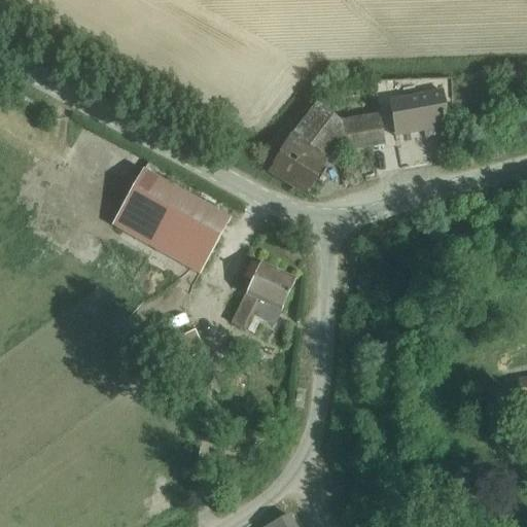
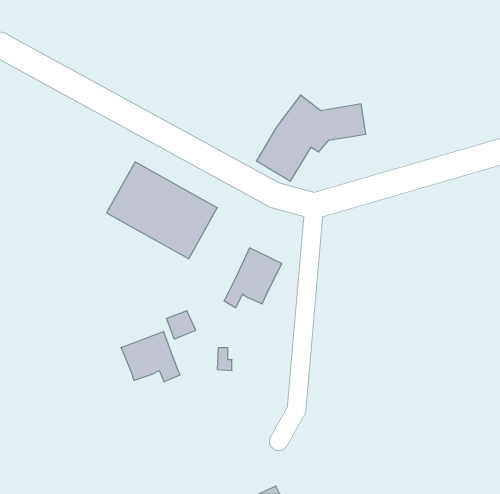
building: [389,87,446,133] -> none
building: none -> [121,331,180,382]

